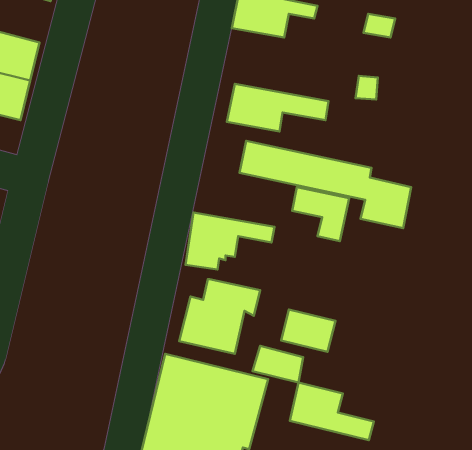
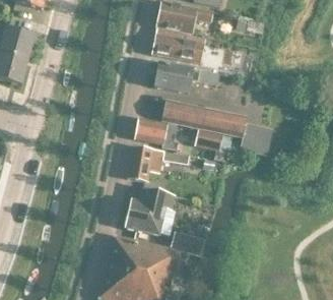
building: none -> [150,31,203,61]
building: none -> [134,116,177,148]
building: [281,309,335,352] -> none
building: [290,382,374,440] -> none

